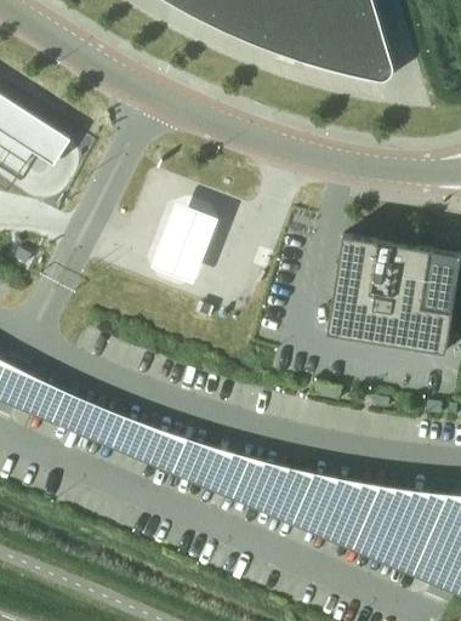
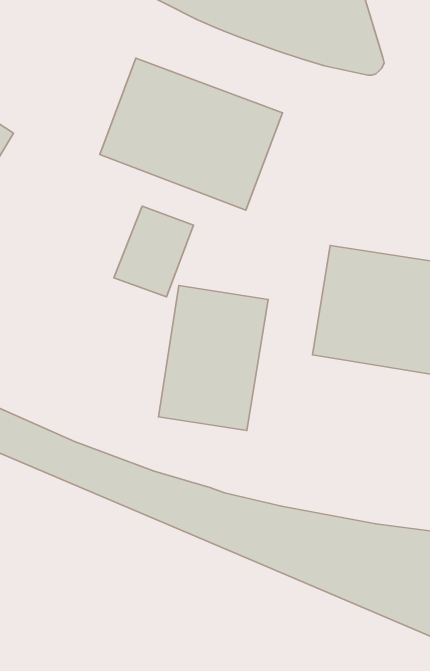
building: none -> [100,58,282,210]
building: none -> [159,285,268,431]

